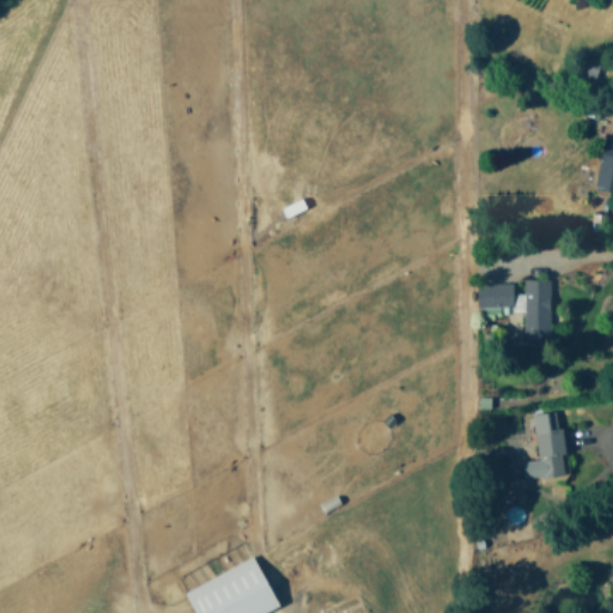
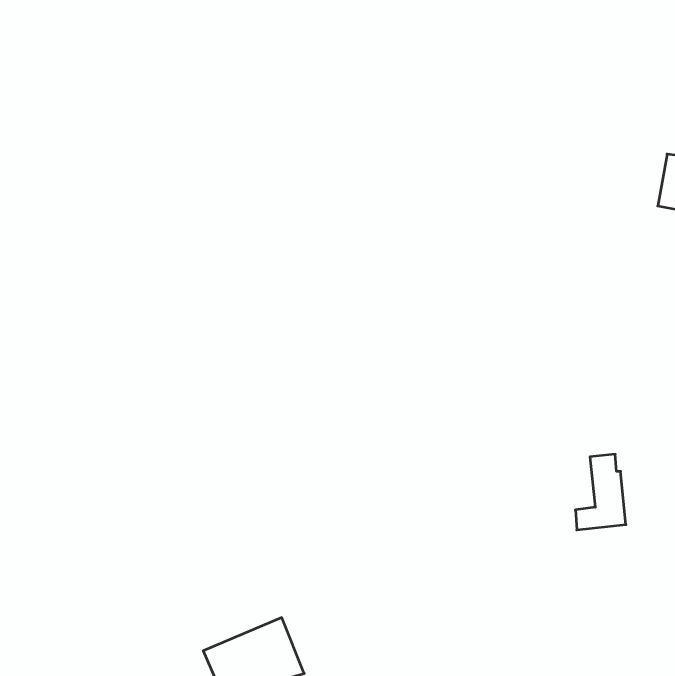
building: [526,280,552,346] -> none
building: [478,284,514,305] -> none

